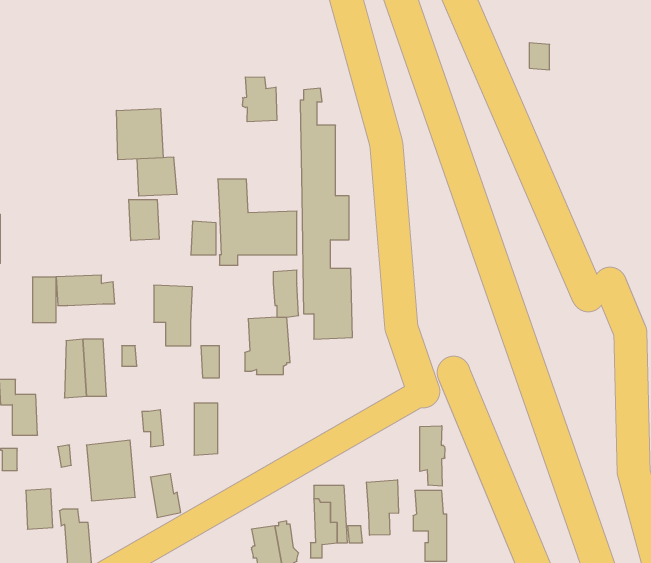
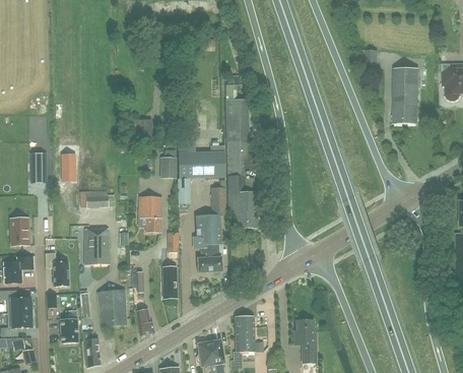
building: none -> [393,67,418,123]
building: [243,77,277,122] -> none
building: [116,109,163,160] -> none
building: [129,199,159,241] -> none
building: [32,277,56,323] -> [61,152,75,180]
building: none -> [198,243,222,270]
building: [420,426,445,486] -> none
building: [367,480,398,535] -> none

